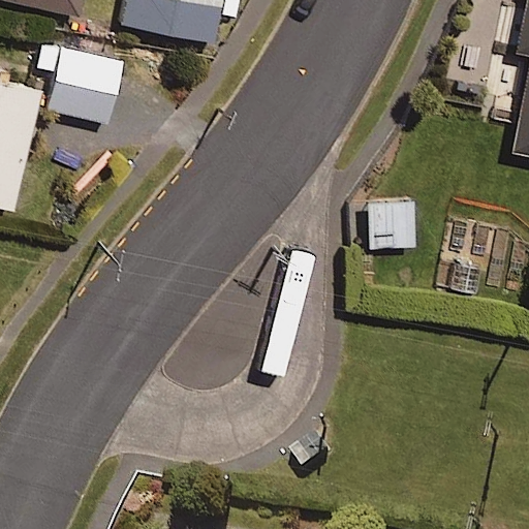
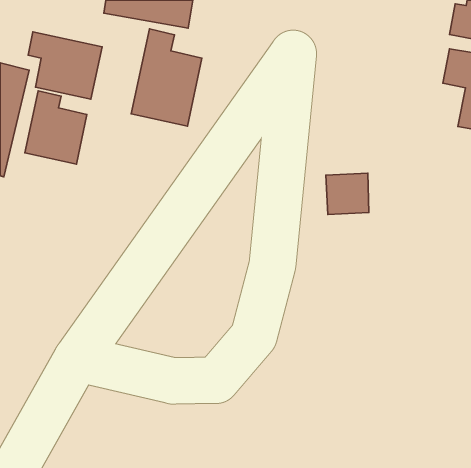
building: none -> [131,29,202,126]
building: none -> [25,91,87,164]

